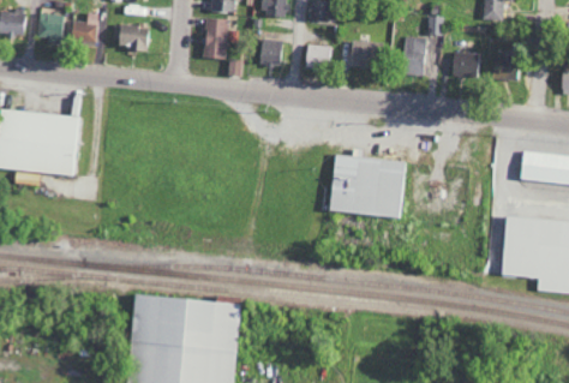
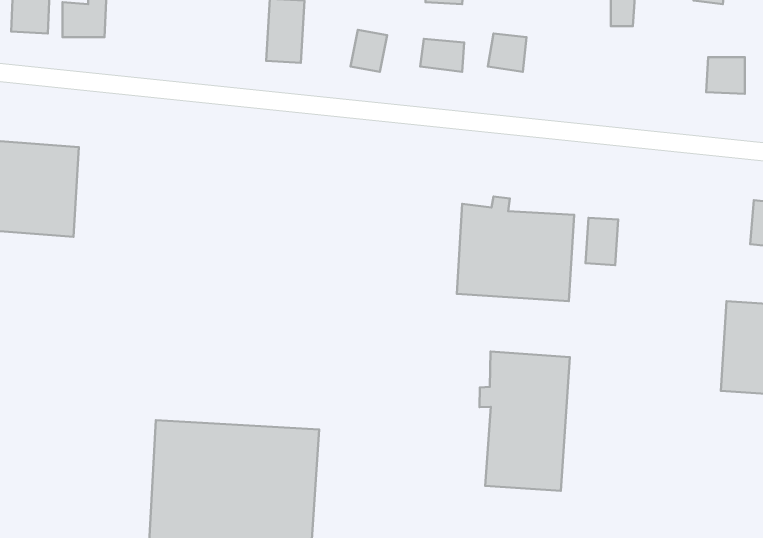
building: [116,25,151,53] -> none
building: [401,36,442,77] -> none
building: [450,52,478,78] -> none
building: none -> [586,218,618,265]
building: none -> [479,351,570,491]

